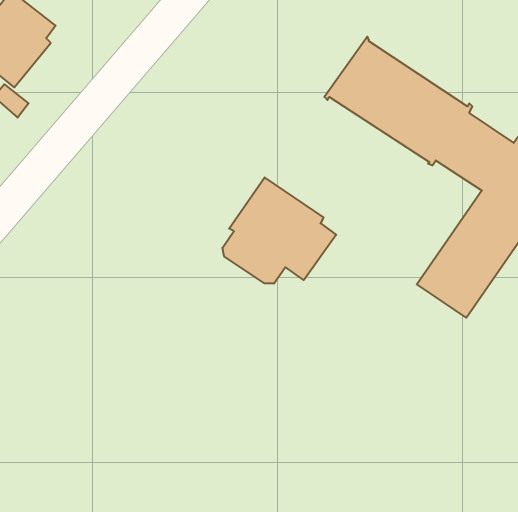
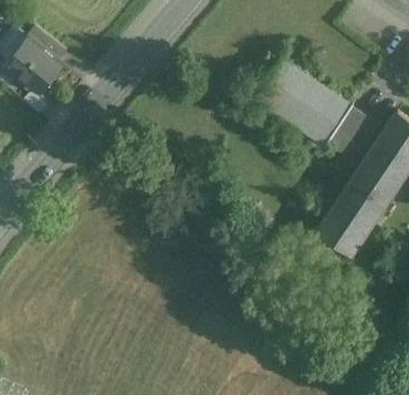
building: [222,177,336,284] -> none

